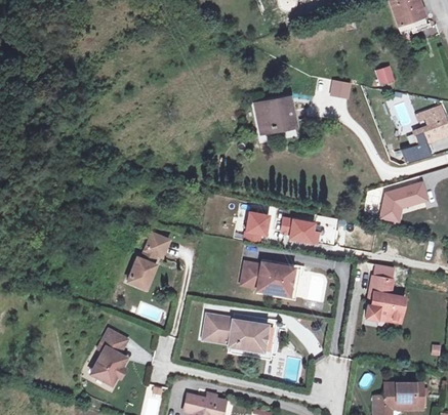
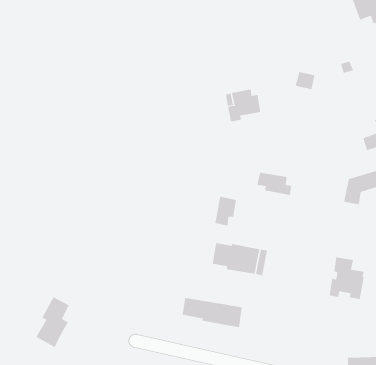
building: [280,217,318,242] -> [257,172,292,195]
building: [127,234,167,288] -> none
building: [90,329,126,383] -> [36,297,70,348]

